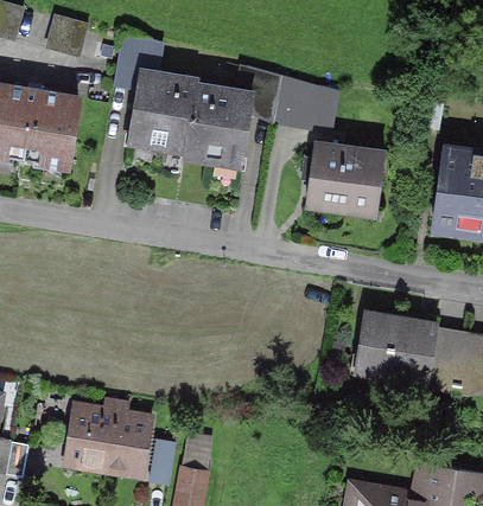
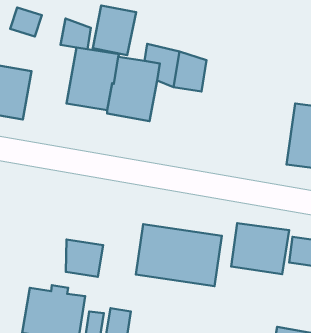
building: none -> [93,6,136,55]
building: [305,141,387,217] -> none
building: none -> [136,224,222,286]
building: none -> [66,240,103,277]

